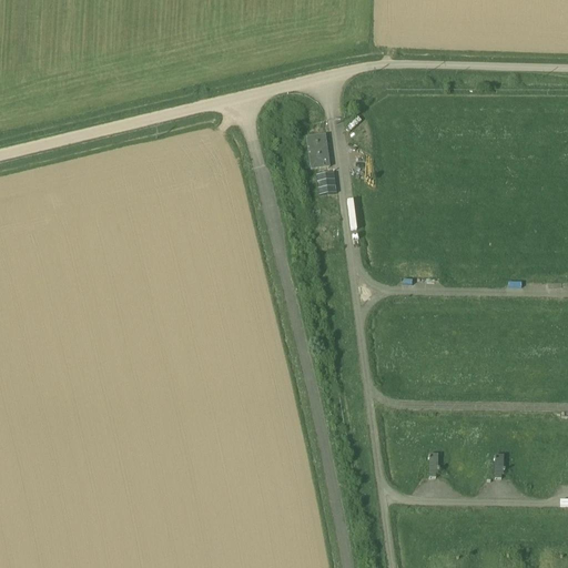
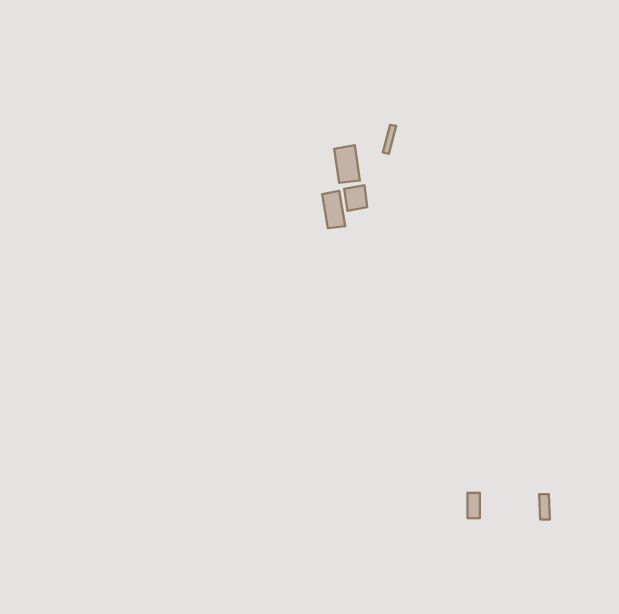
building: none -> [322,191,345,228]

